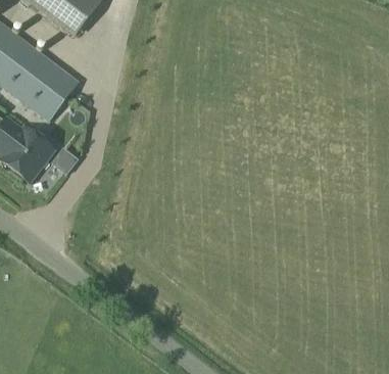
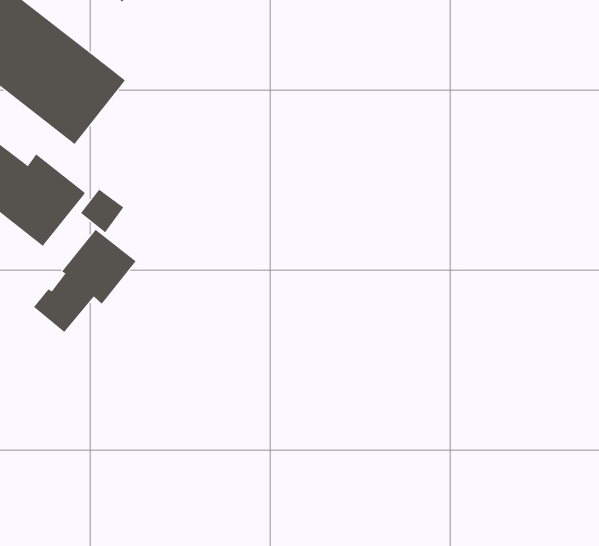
building: none -> [33,229,136,333]

